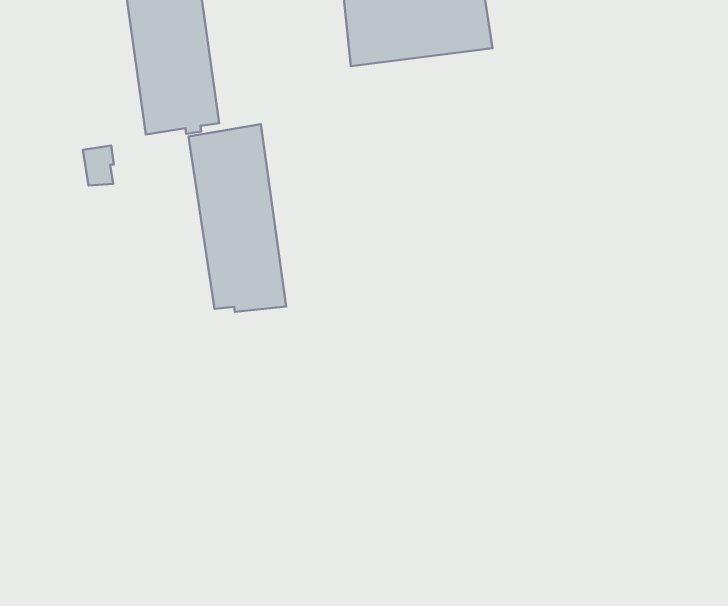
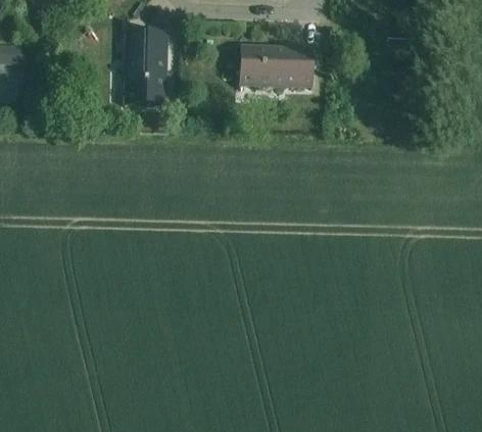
building: [189,124,286,312] -> none

